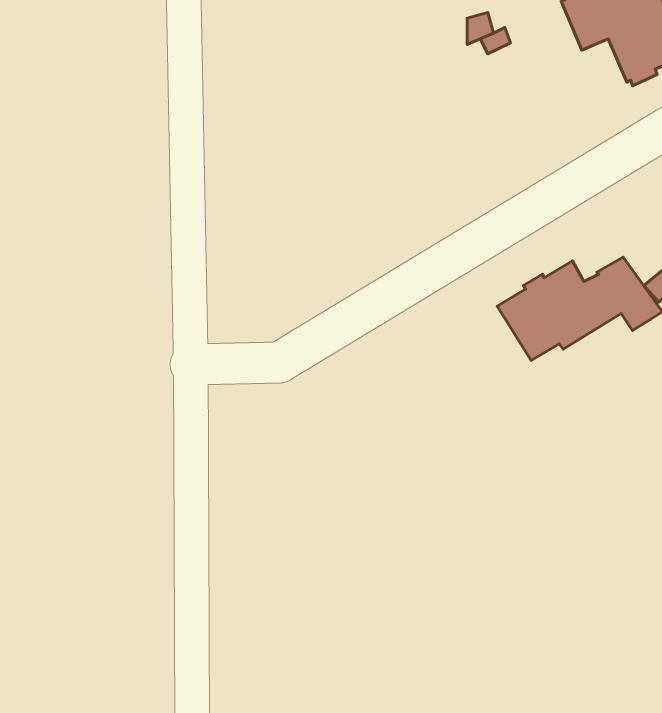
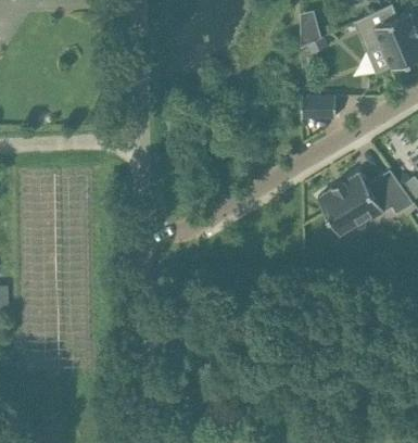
building: none -> [303,98,338,119]

